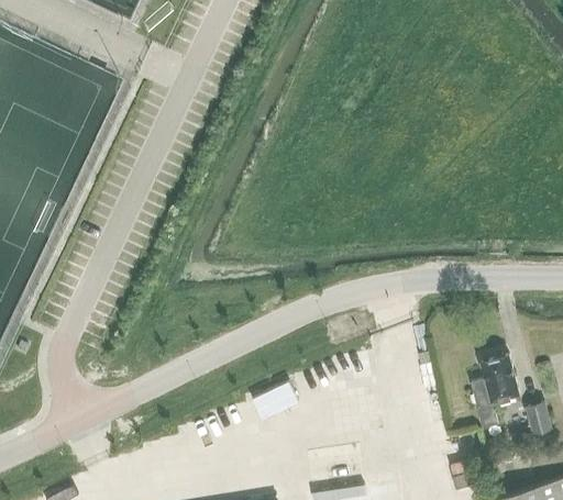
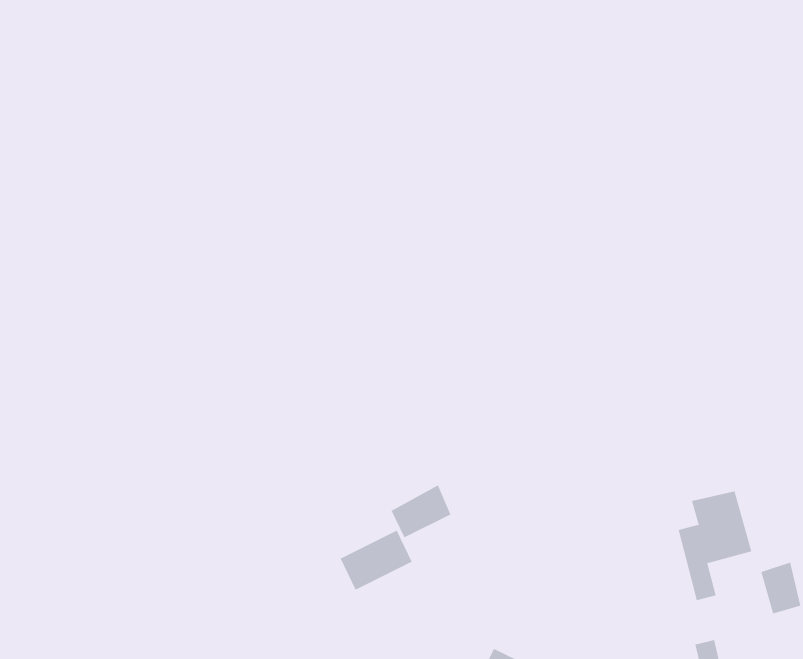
building: none -> [391,485,451,538]

